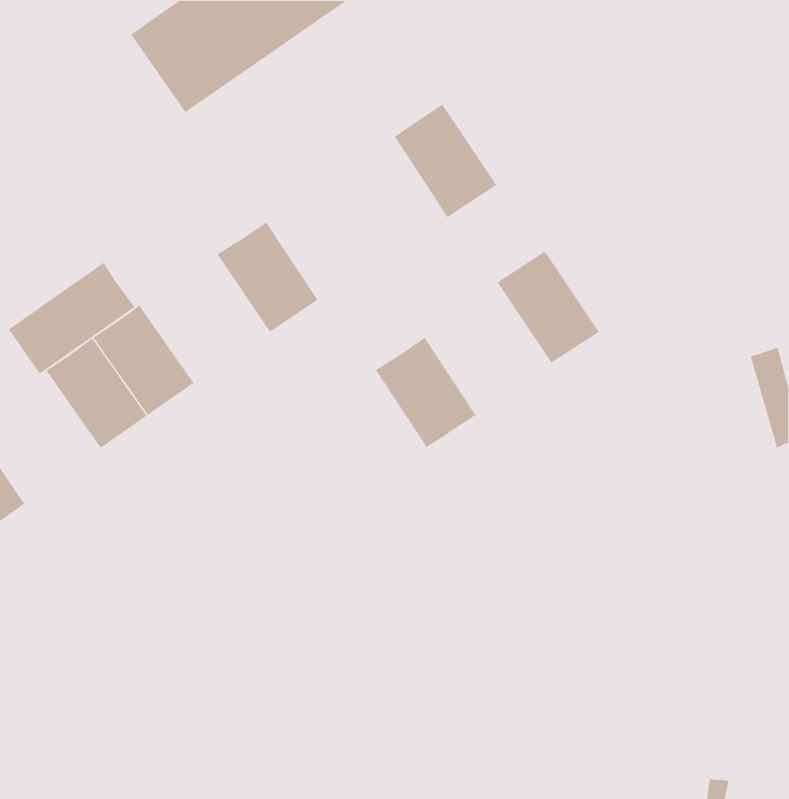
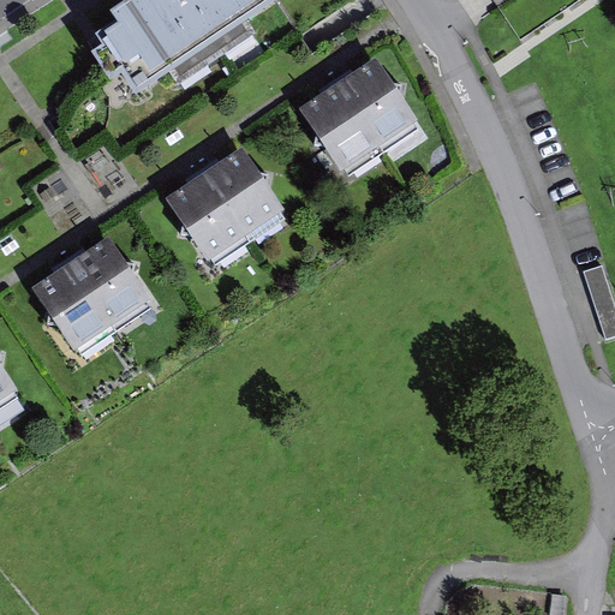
building: [496,251,600,364] -> [339,58,418,144]
building: [8,262,136,375] -> none
building: [375,337,477,448] -> [204,147,282,232]

